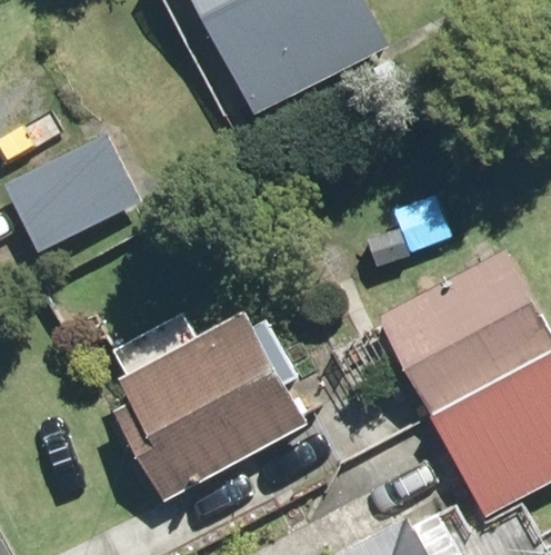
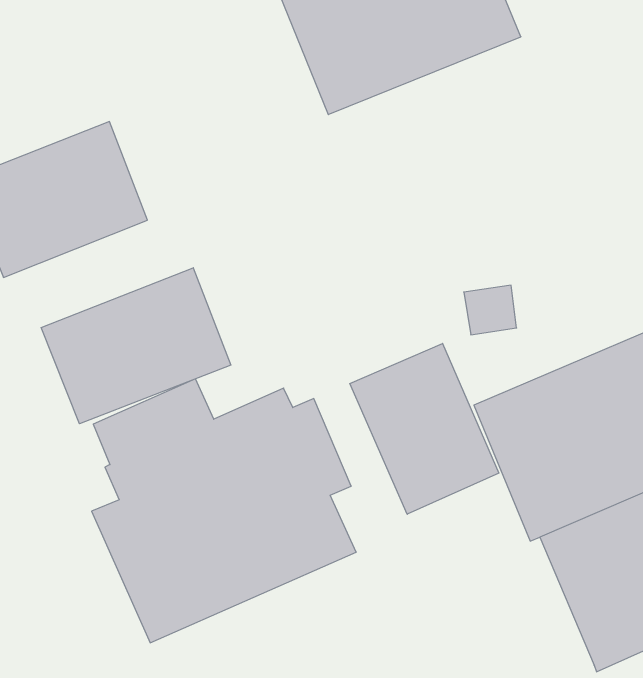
building: none -> [41,268,231,424]
building: none -> [350,343,499,514]

